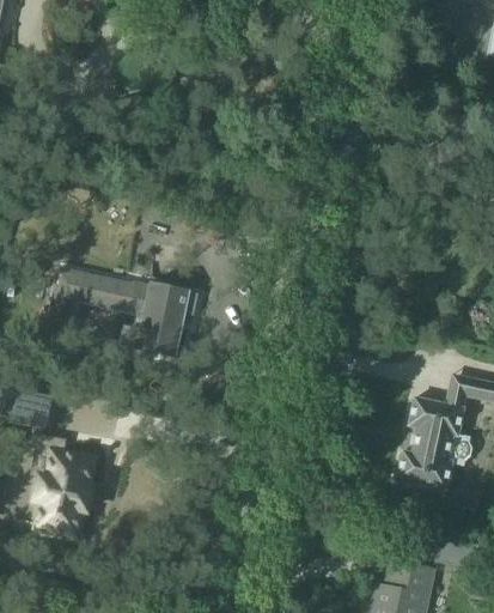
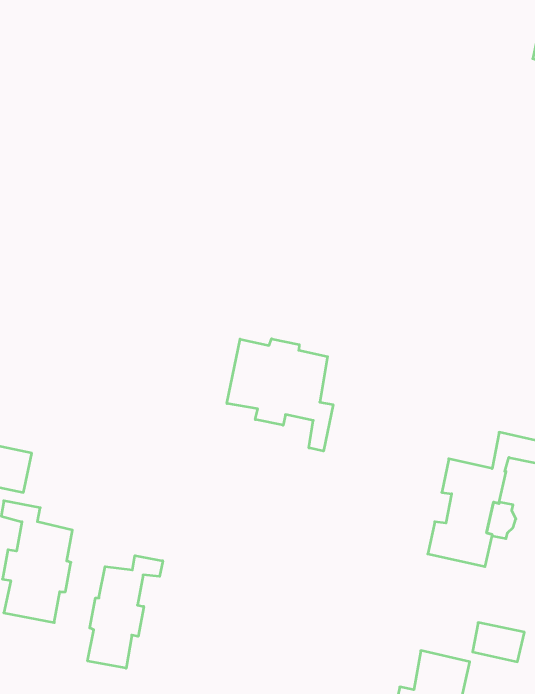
building: [50,269,199,354] -> none
building: none -> [227,339,333,451]
building: none -> [88,556,163,668]

